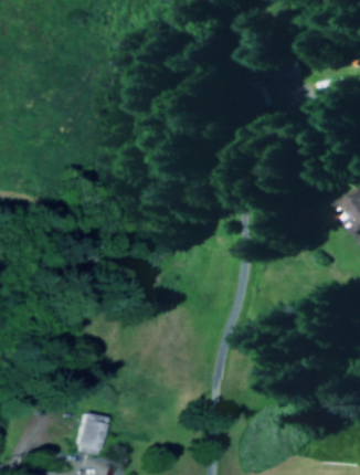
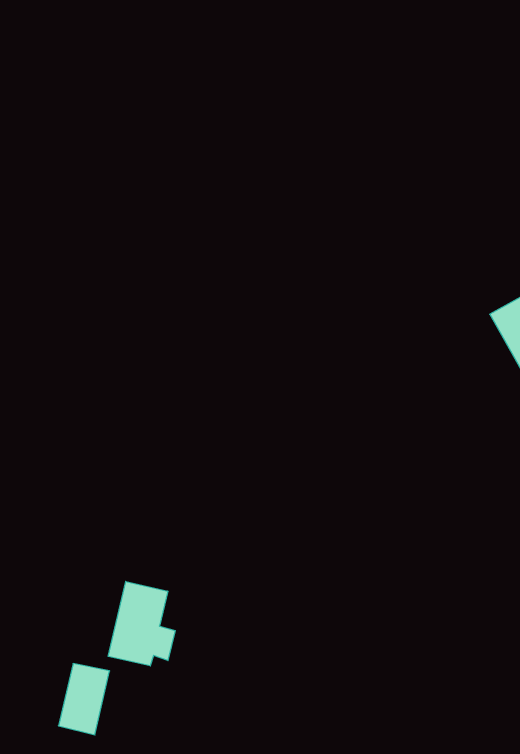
building: none -> [108,581,175,666]

